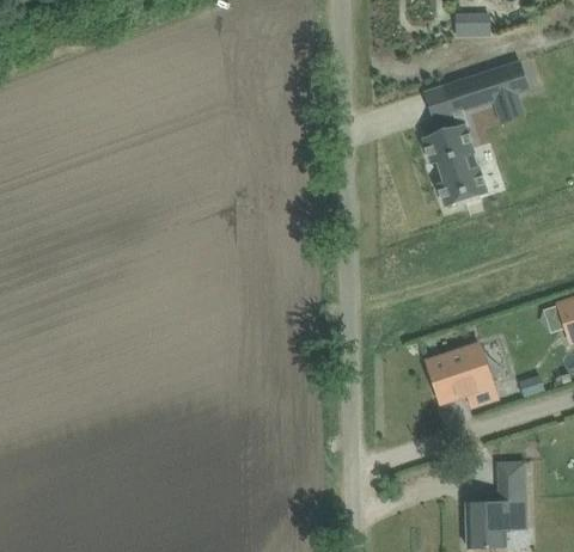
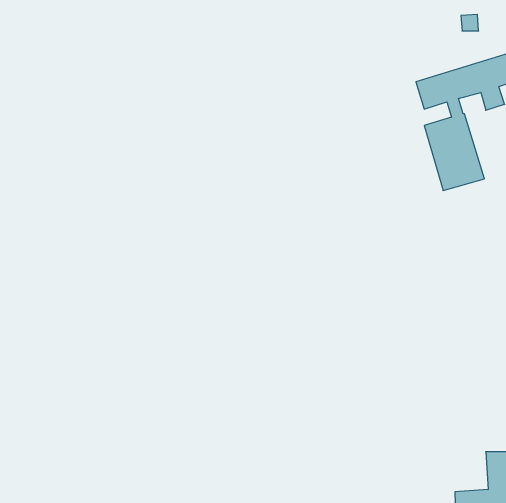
building: [426,346,495,406] -> none

